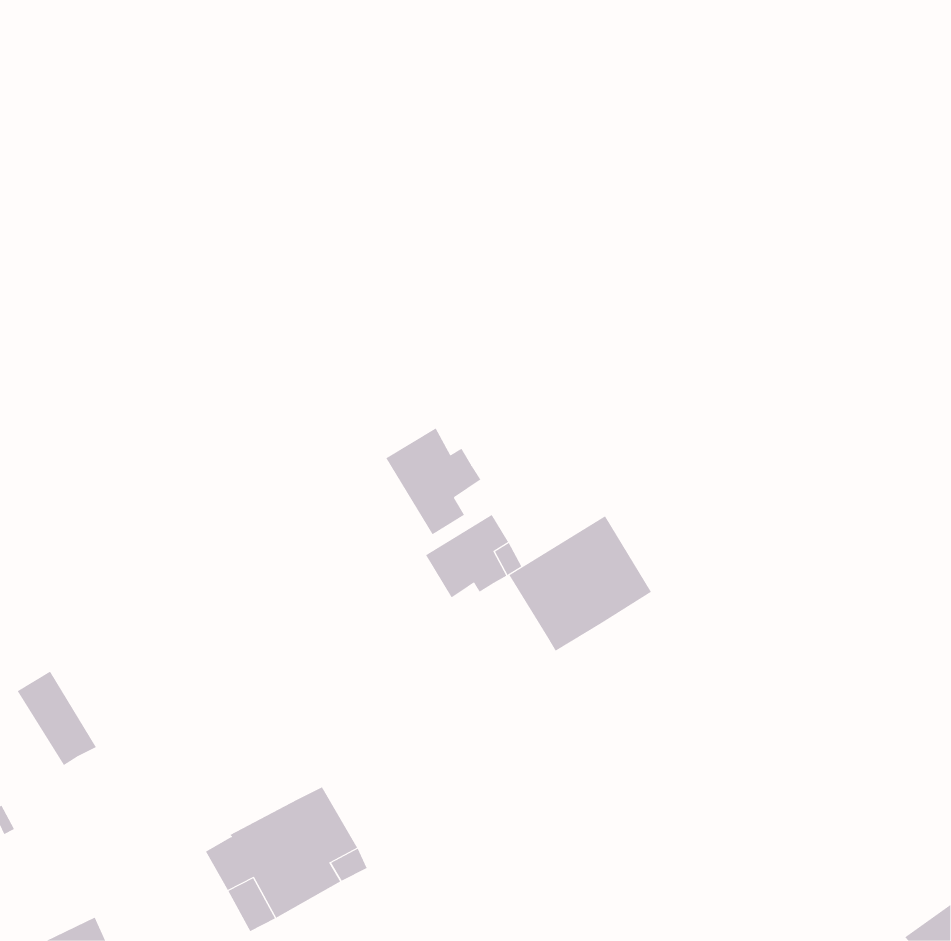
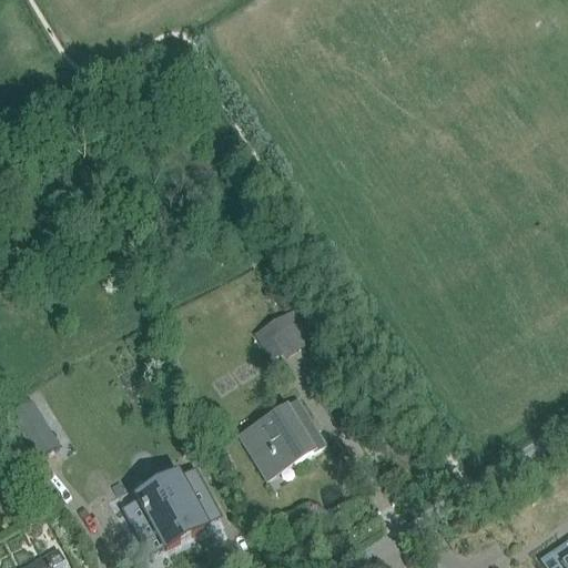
building: [386,428,481,535] -> none
building: [508,515,652,651] -> [237,397,323,478]

